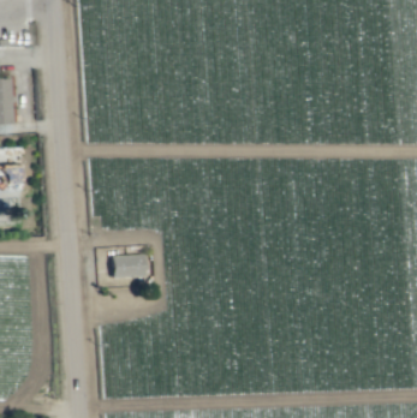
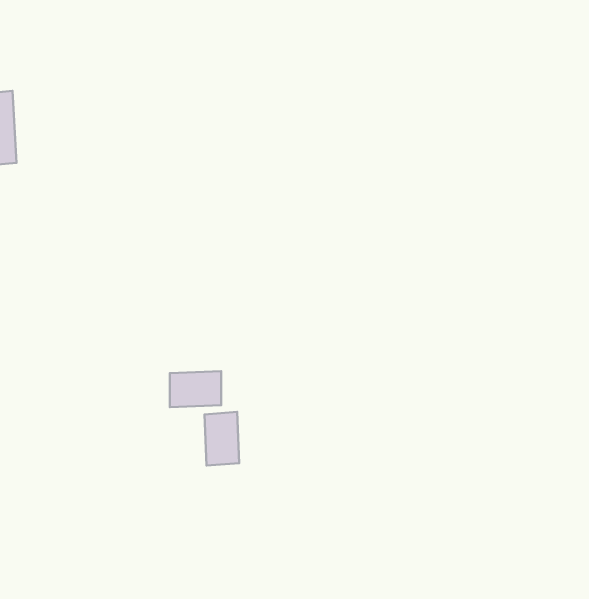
building: none -> [205,412,239,466]

